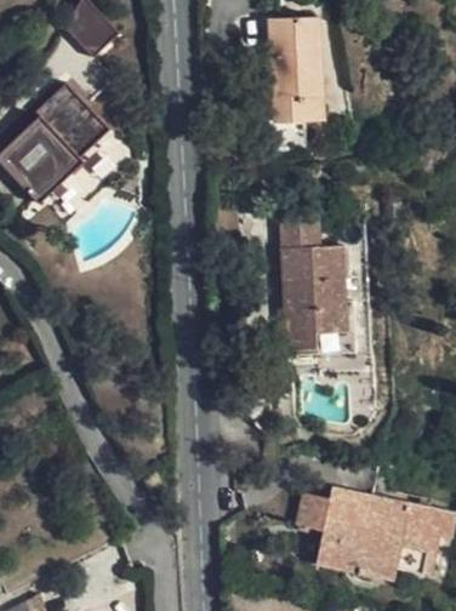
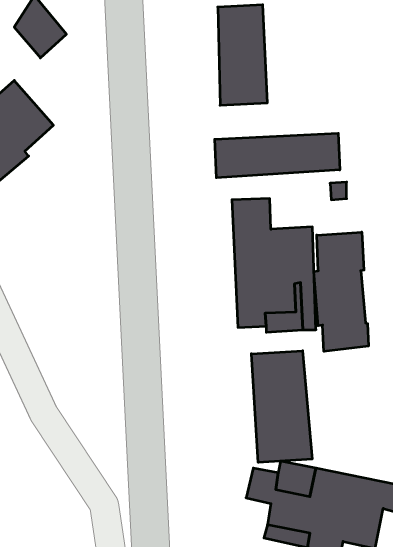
building: none -> [215,133,340,178]
building: none -> [314,232,368,351]
building: none -> [251,351,312,462]

